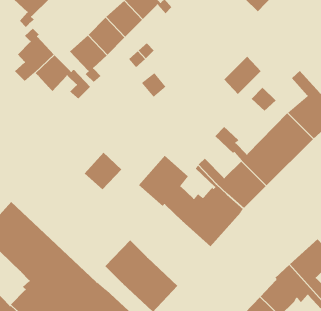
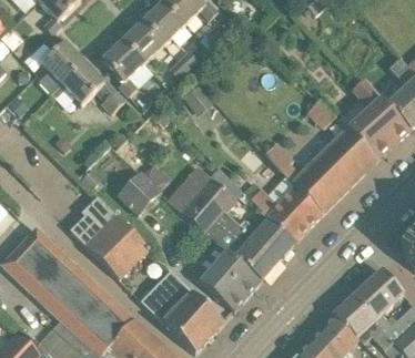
building: [223,56,261,95] -> none
building: none -> [70,195,151,278]
building: none -> [190,249,261,310]

